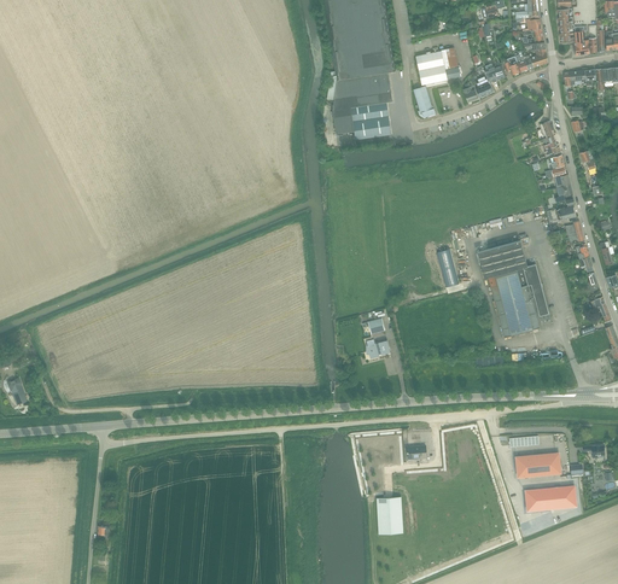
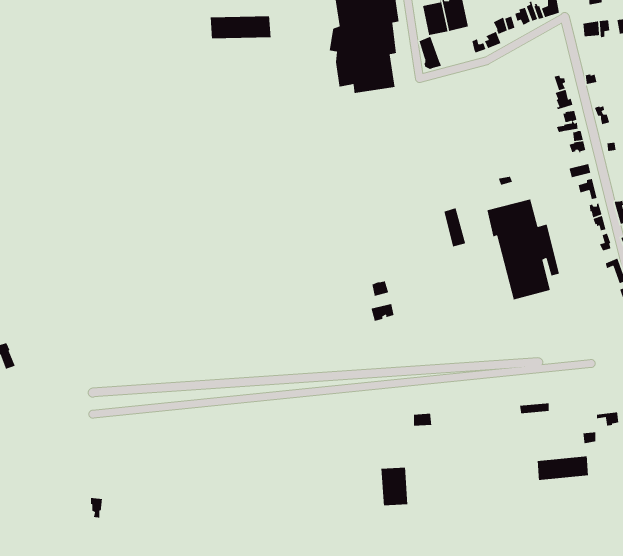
building: none -> [210,15,271,39]
building: [515,454,559,477] -> none

